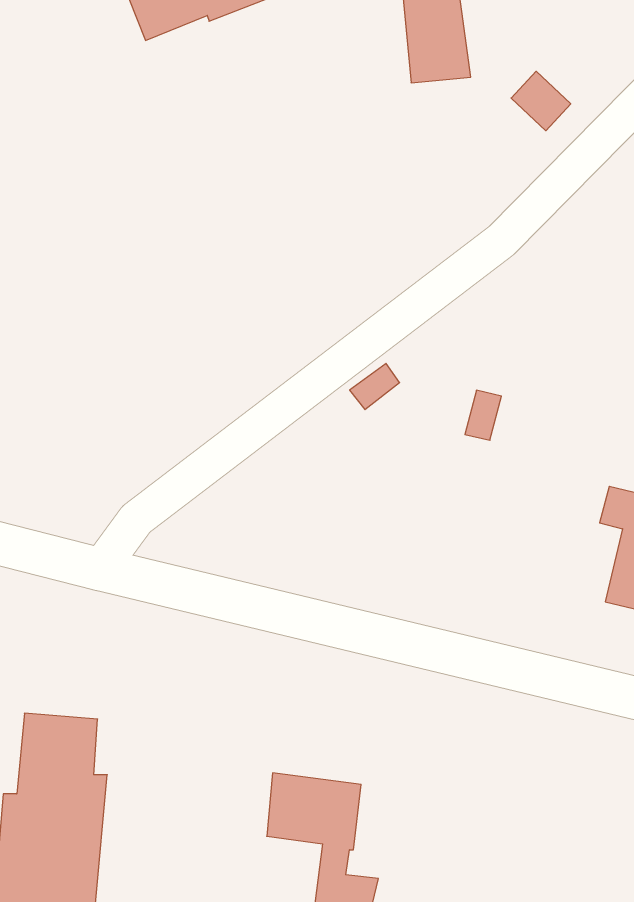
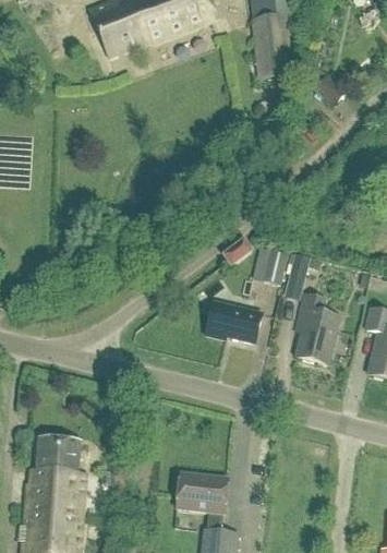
building: none -> [263,248,288,282]
building: none -> [295,291,340,363]
building: none -> [206,300,263,341]

